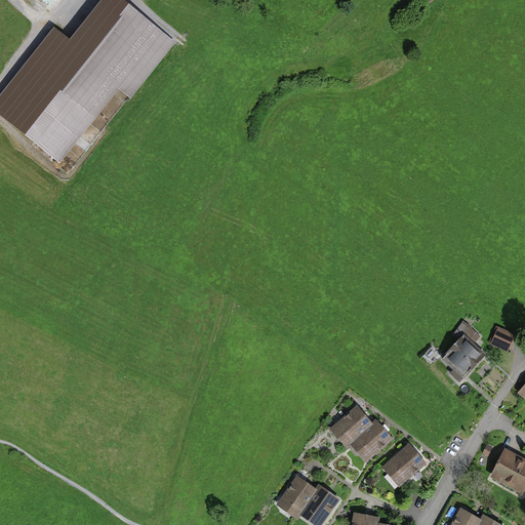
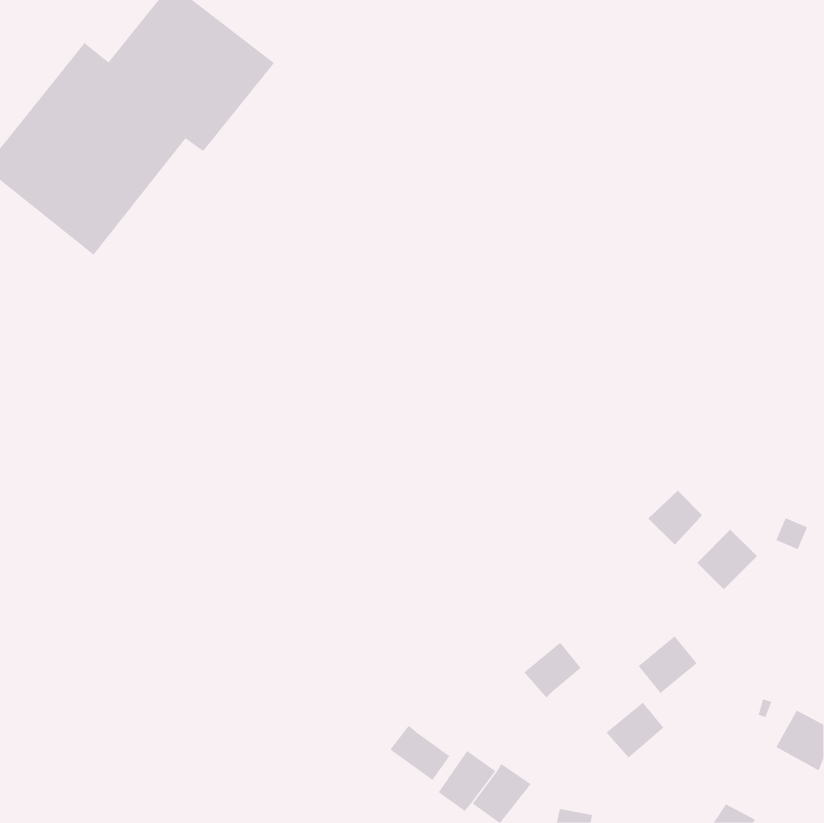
building: none -> [648,490,703,545]
building: [351,419,389,456] -> [638,636,697,694]
building: none -> [389,725,450,781]

